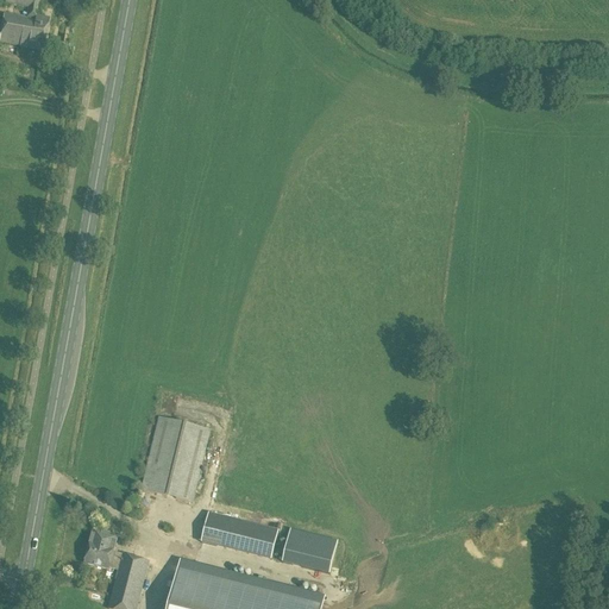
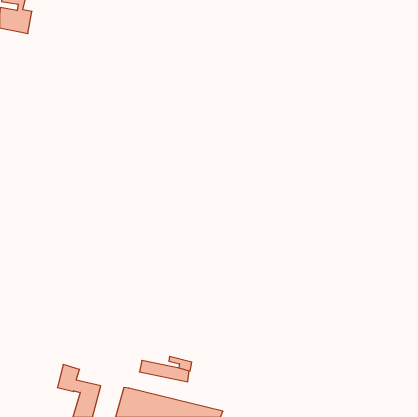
building: [140,416,208,501] -> none
building: [282,528,337,572] -> none

